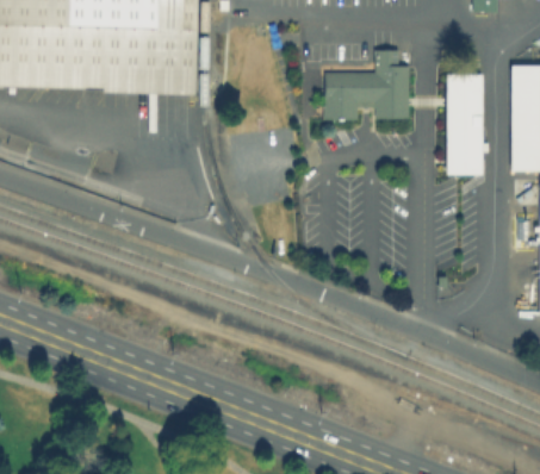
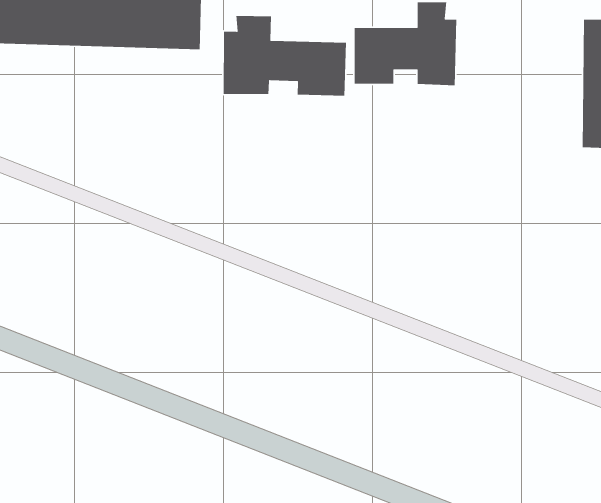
building: none -> [223,15,347,96]
building: [446,73,482,173] -> none

